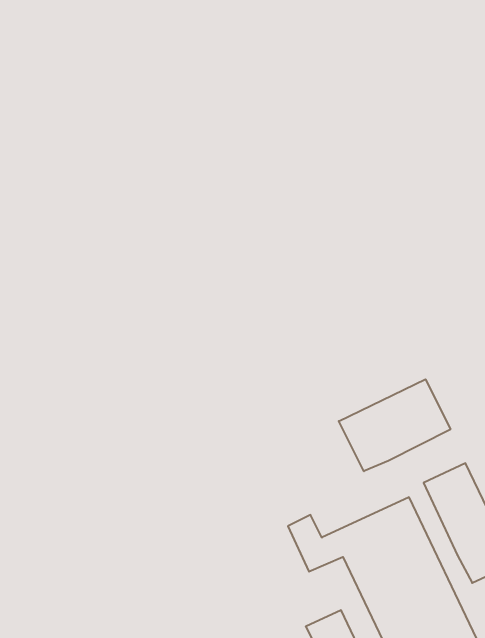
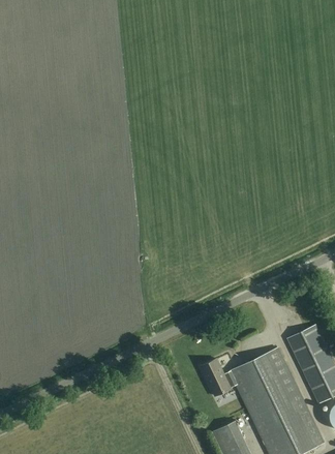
building: [339,379,450,471] -> none

